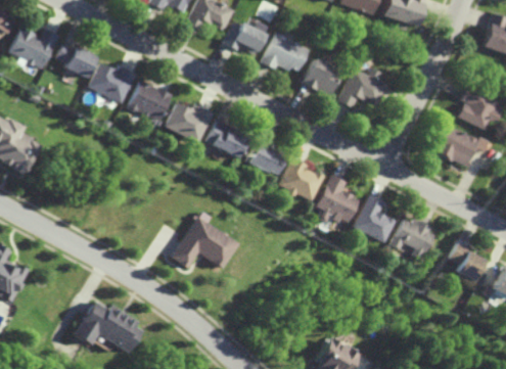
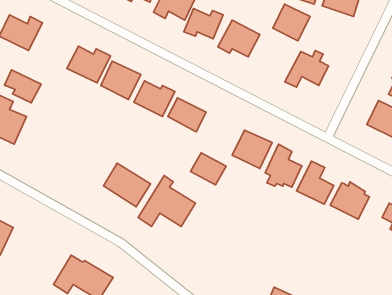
building: [57,40,99,78] -> [4,70,41,103]
building: [303,56,346,98] -> [273,4,310,41]
building: [246,141,287,178] -> [190,153,226,185]
building: none -> [104,163,151,207]

